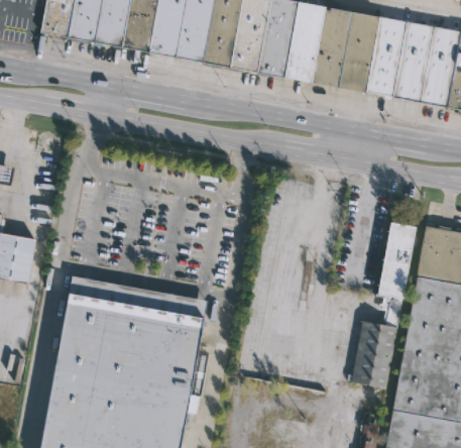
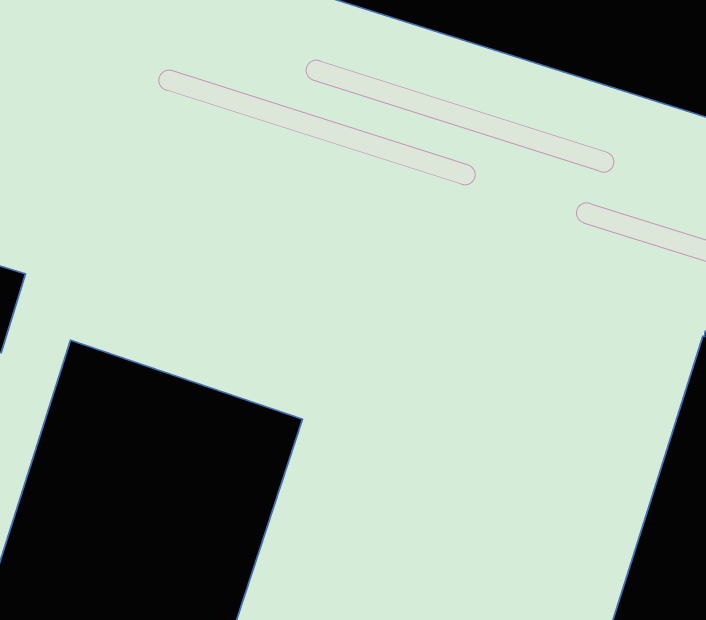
building: [350,221,416,387] -> none

